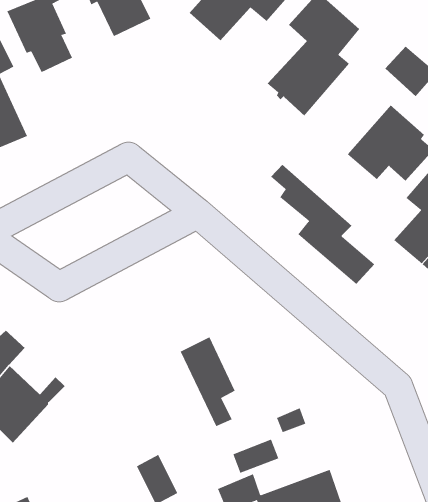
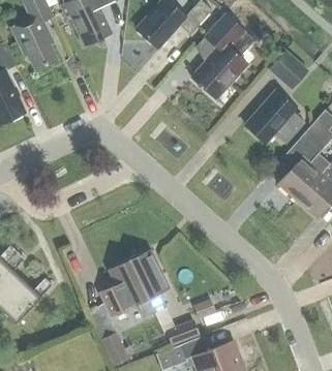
building: [270,164,375,285] -> none
building: none -> [98,260,155,318]

